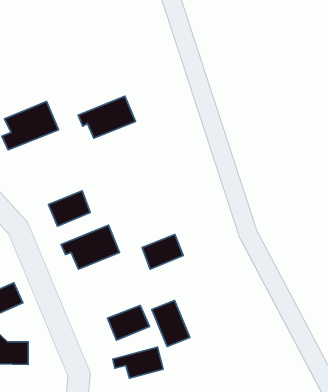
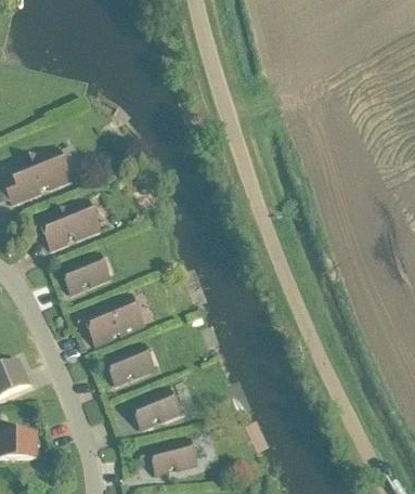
building: [78,96,136,138] -> [33,199,101,249]
building: [142,235,183,269] -> [106,344,155,386]
building: [152,300,190,346] -> none

